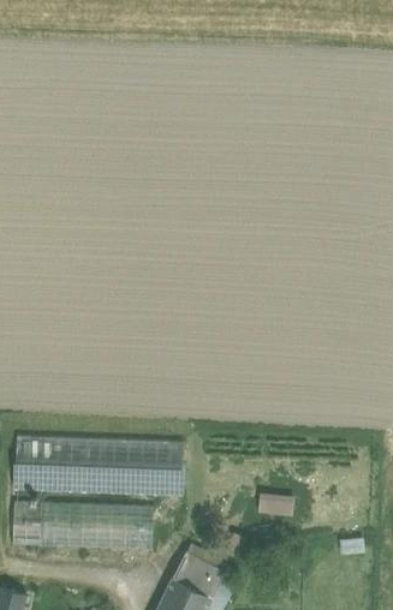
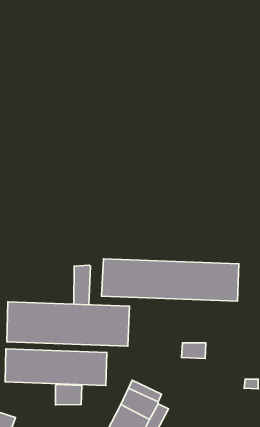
building: none -> [101,259,239,301]
building: none -> [74,265,90,305]
building: none -> [55,385,82,405]

